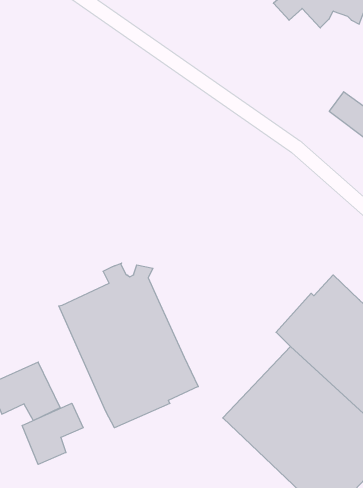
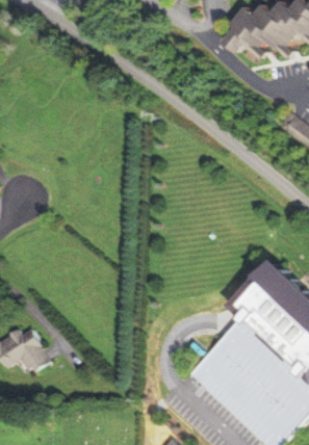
building: [59,263,198,428] -> none
building: [22,403,83,464] -> none

